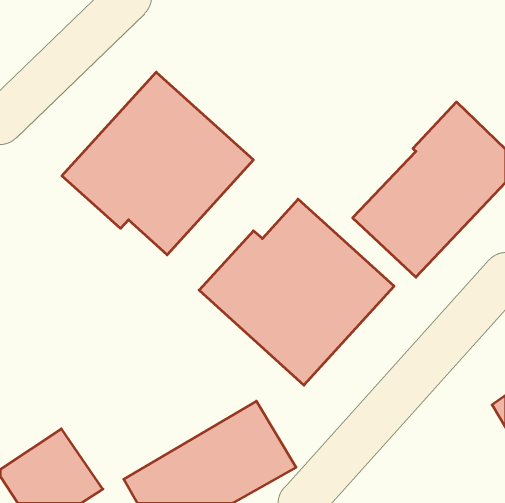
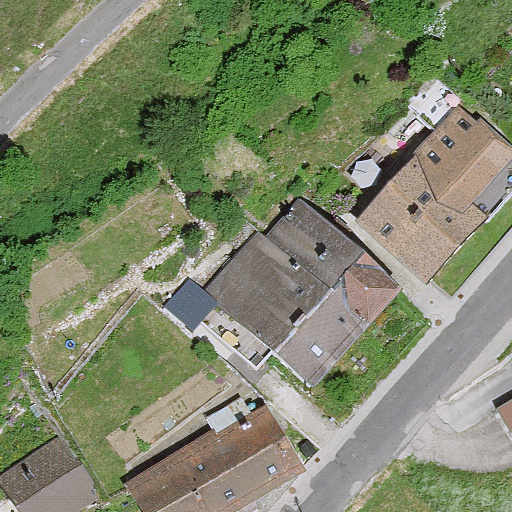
building: [62,72,253,255] -> none

